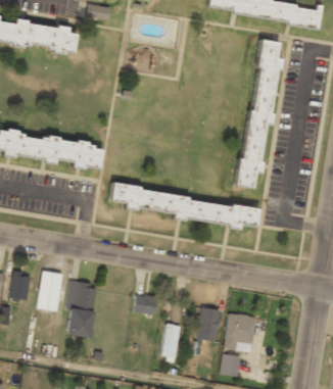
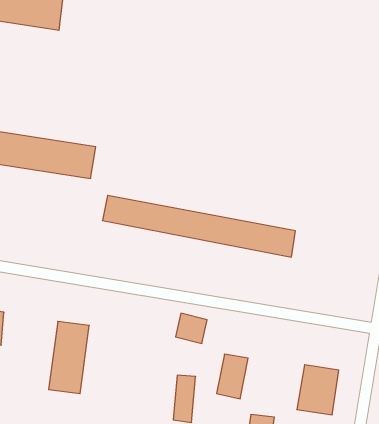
building: [237,39,281,189] -> none
building: [39,271,62,310] -> none
building: [134,292,158,315] -> [176,313,207,343]
building: [225,312,257,351] -> [297,365,339,415]

